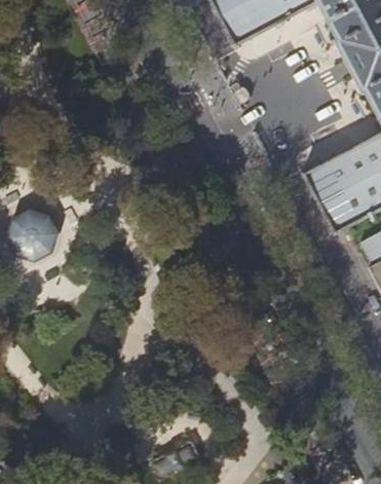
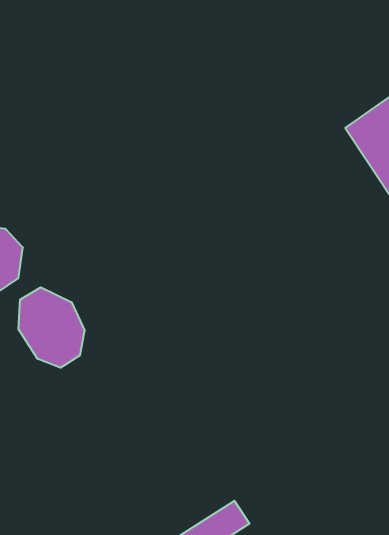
building: none -> [19,287,84,368]

